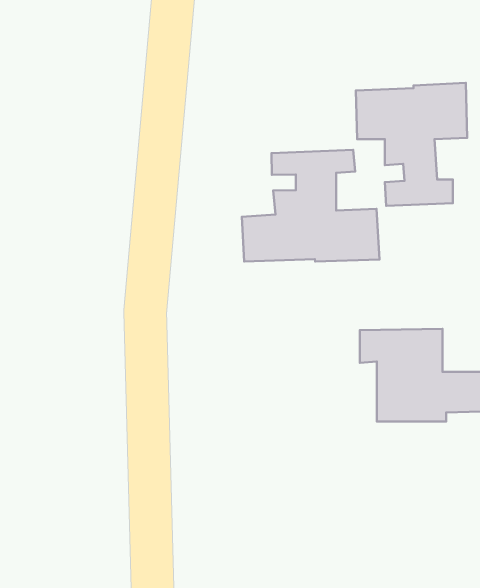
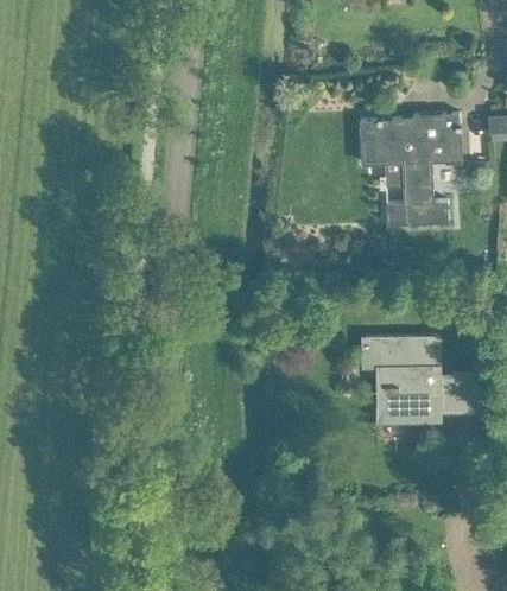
building: [242,150,379,261] -> none

